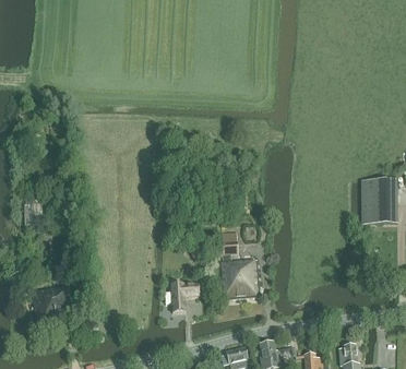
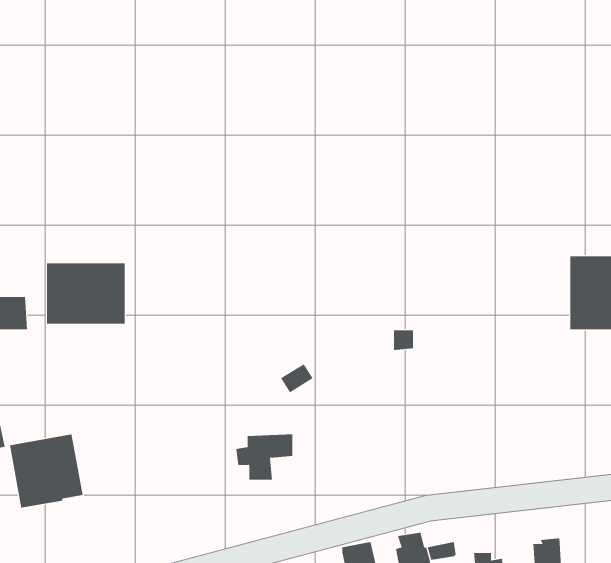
building: none -> [46,262,125,325]
building: [218,233,260,299] -> none

